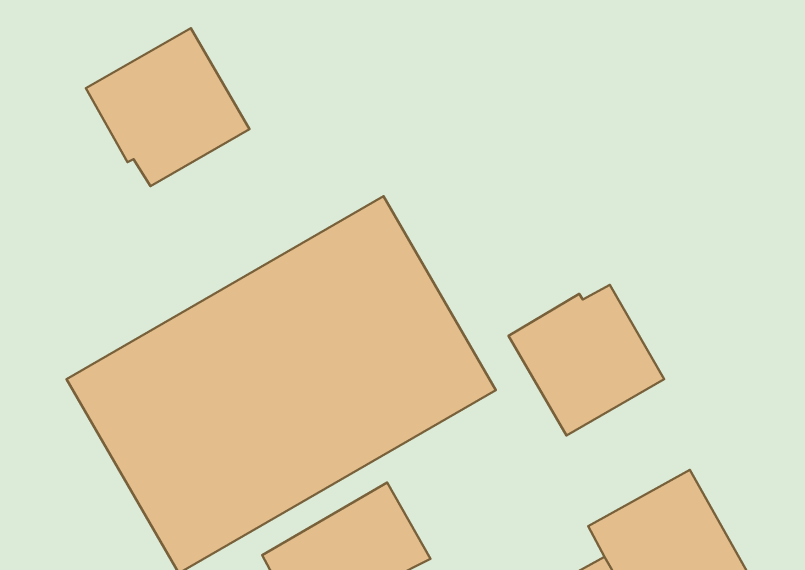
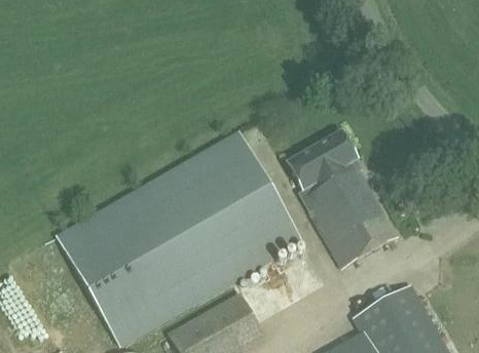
building: [86,28,249,186] -> none
building: none -> [286,130,366,210]

